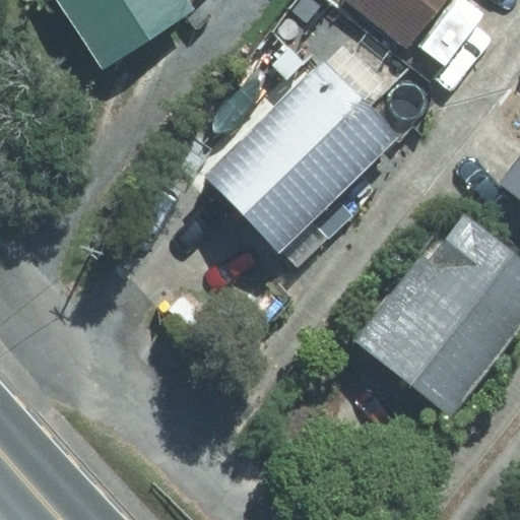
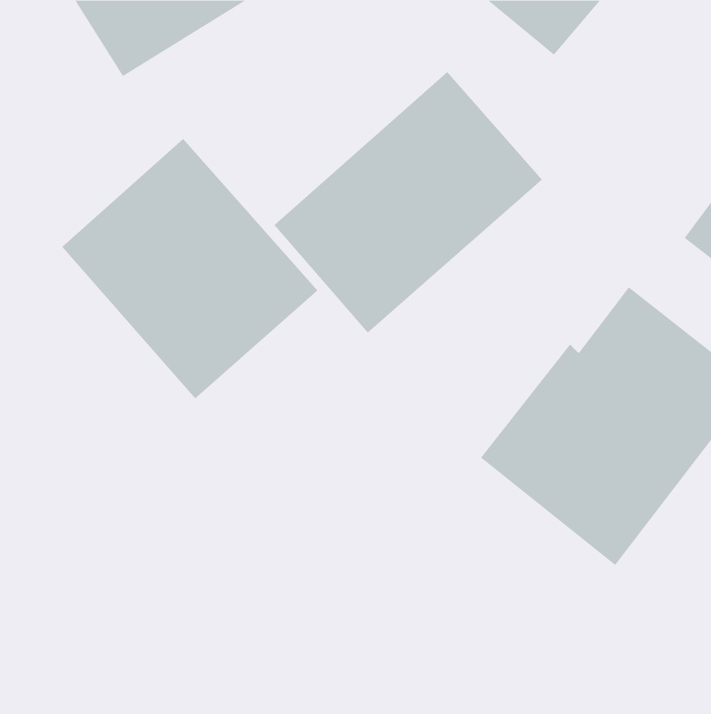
building: none -> [61,138,318,399]

